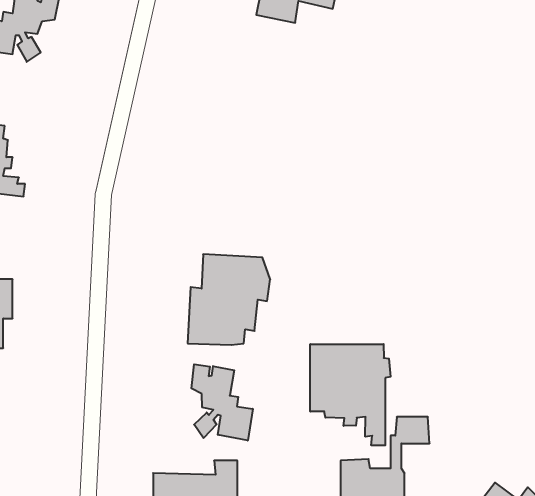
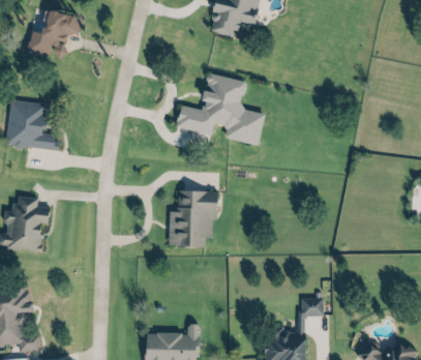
building: none -> [178,73,266,145]
building: [310,344,391,445] -> none
building: [191,364,253,441] -> none

